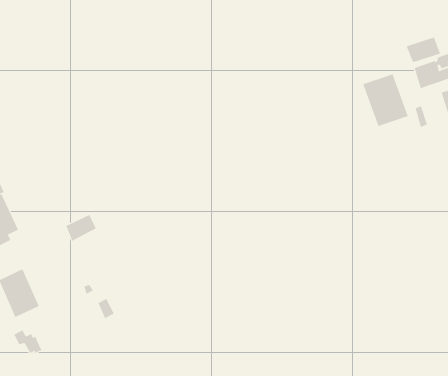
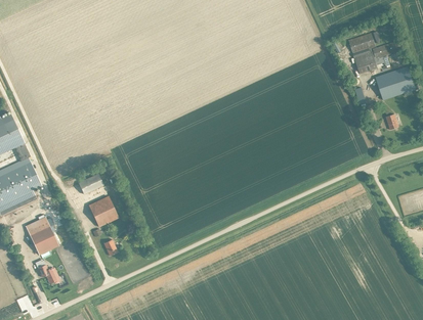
building: [363,74,408,127] -> none
building: none -> [88,195,117,226]

